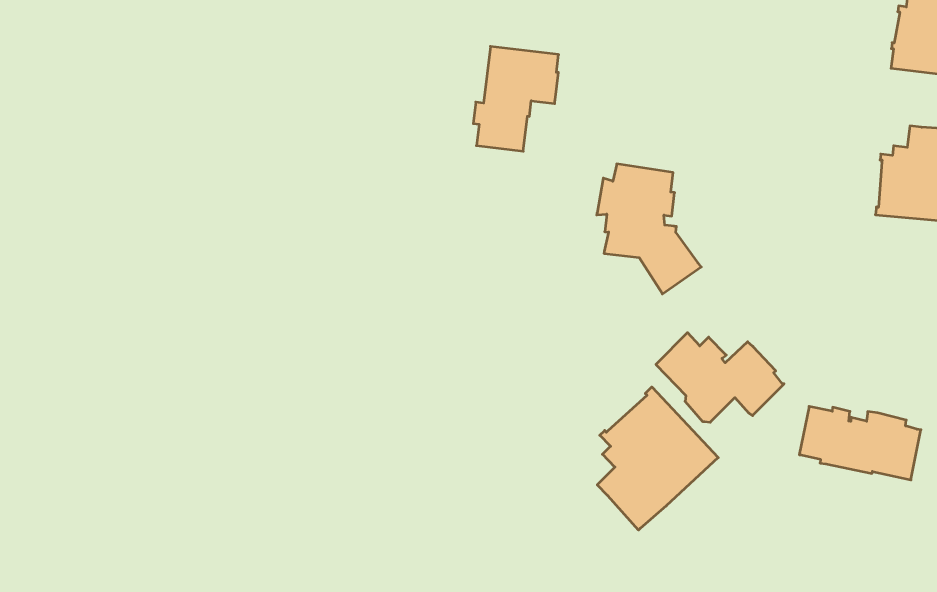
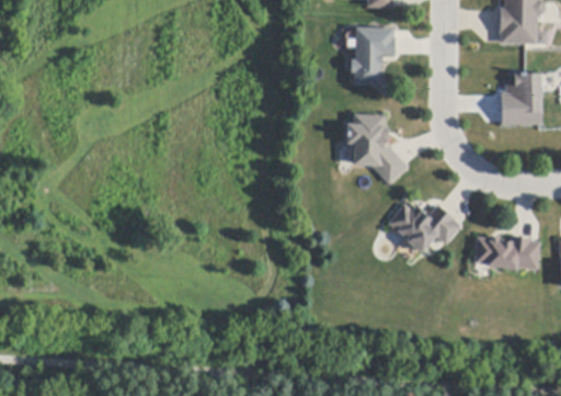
building: [473,46,559,151] -> [351,27,394,83]
building: [597,387,718,530] -> none

